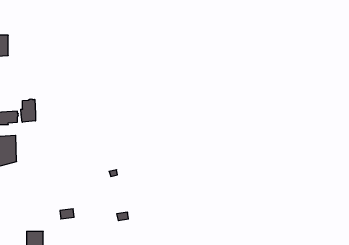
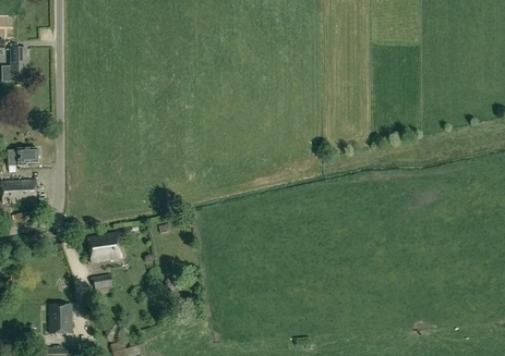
building: [21,99,36,122] -> none
building: none -> [86,233,120,262]

